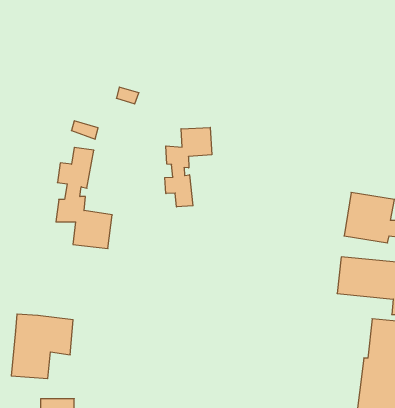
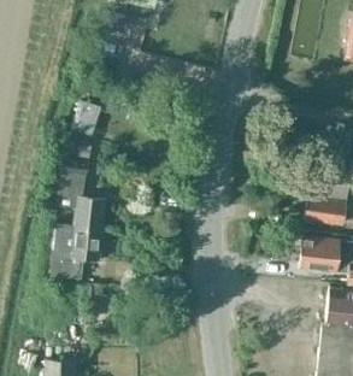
building: [165,127,212,207] -> none
building: [11,314,73,379] -> [51,224,104,280]

